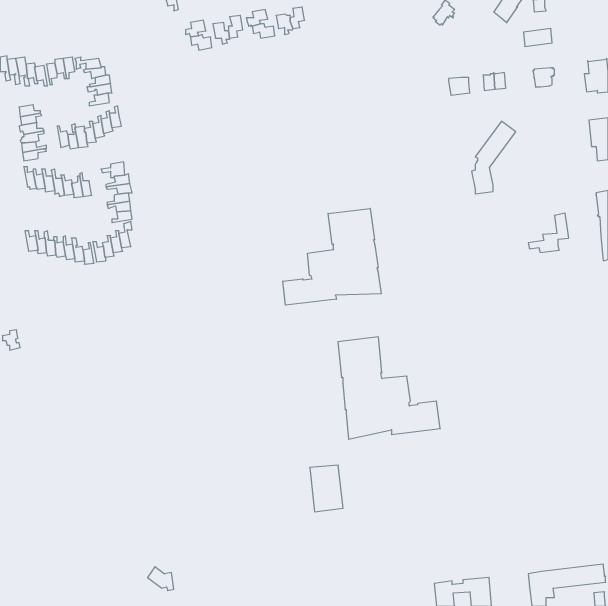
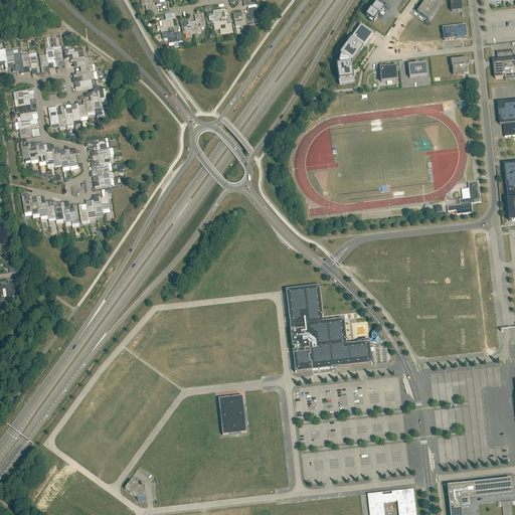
building: [472,121,516,194] -> [336,23,373,84]
building: [283,208,381,305] -> none
building: [310,465,343,512] -> [218,395,246,435]

